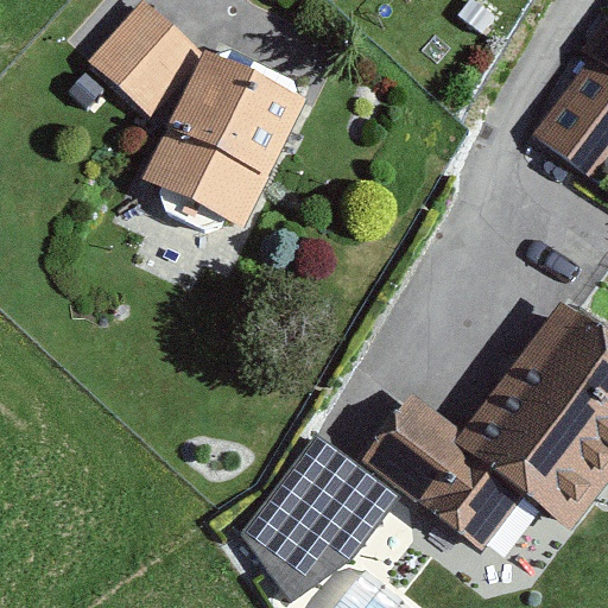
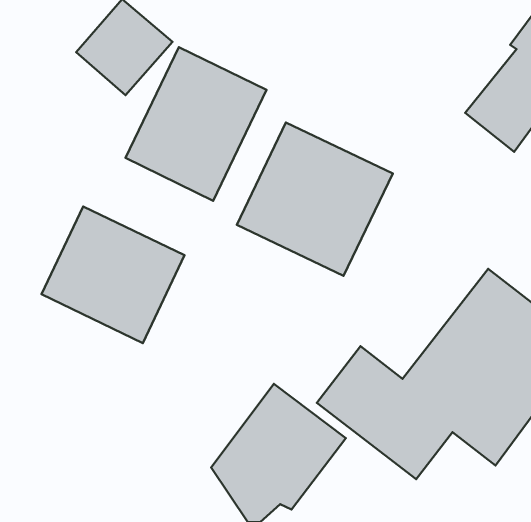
building: none -> [237,122,393,276]
building: none -> [41,206,184,343]

